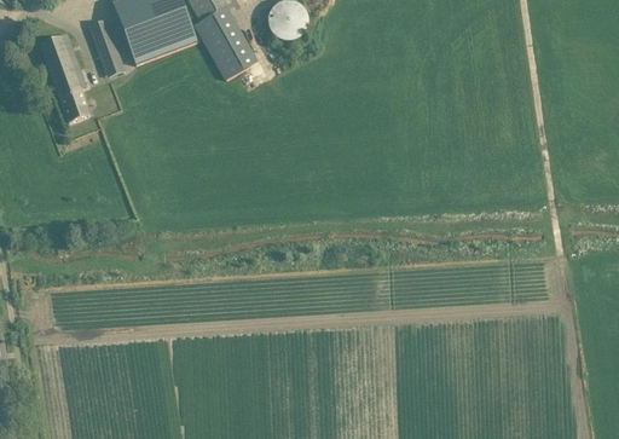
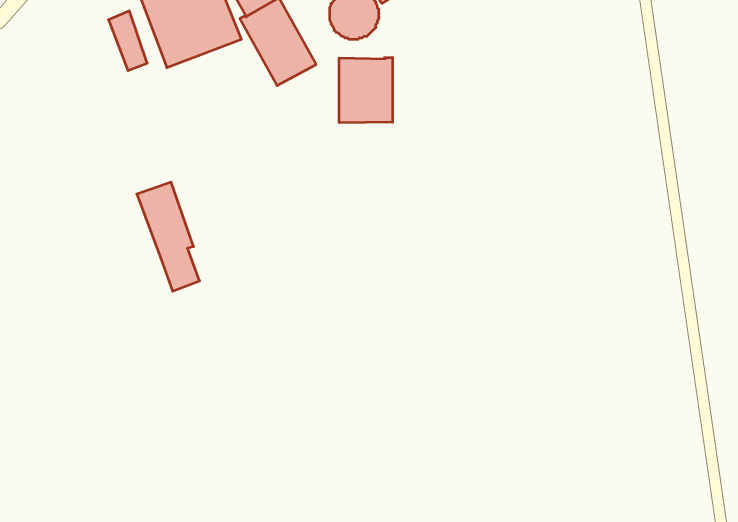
building: [39,33,89,121] -> [137,182,200,291]
building: none -> [339,57,392,123]

